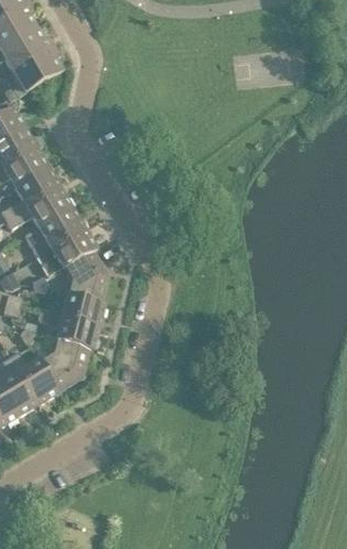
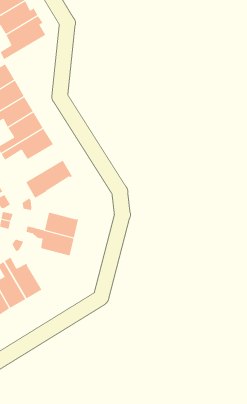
building: [24,208,84,255] -> none
building: [63,249,107,302] -> none
building: [39,339,88,390] -> none

